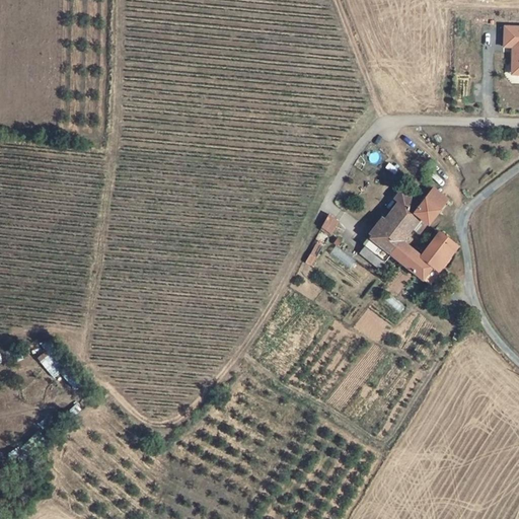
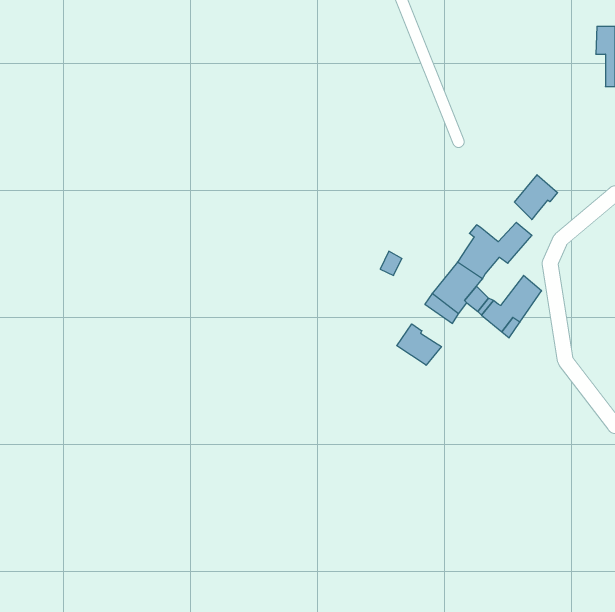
building: none -> [514,175,558,220]
building: none -> [397,324,441,365]

